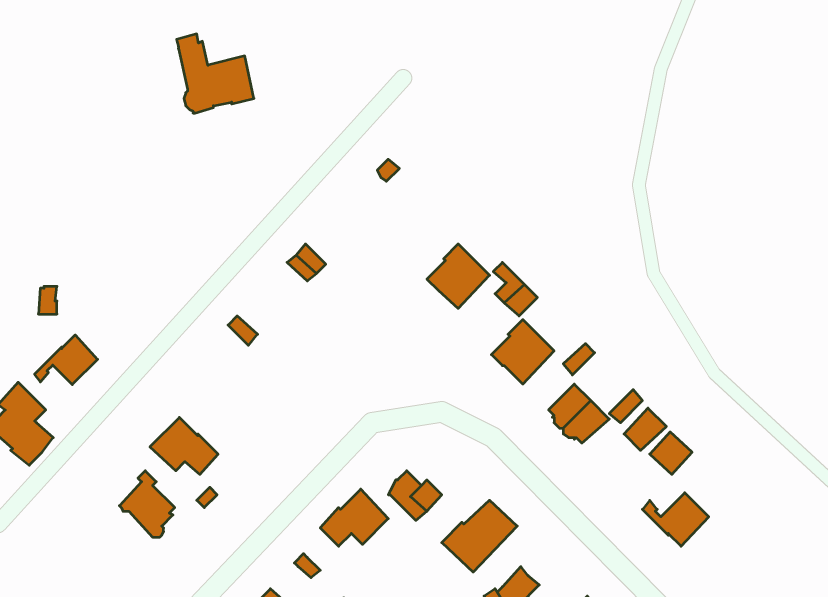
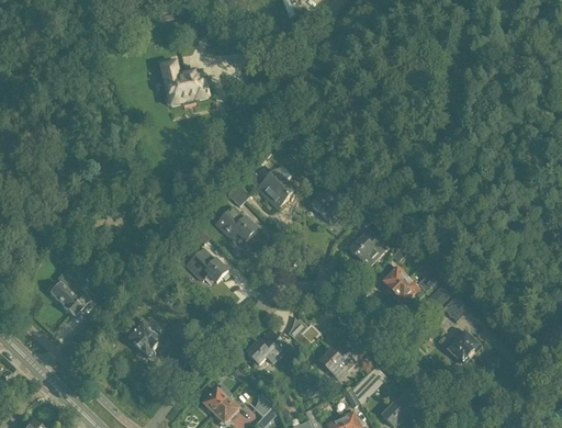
building: none -> [245,165,295,207]
building: none -> [216,206,257,240]
building: [35,335,98,385] -> none
building: [150,417,218,474] -> [187,248,227,282]

